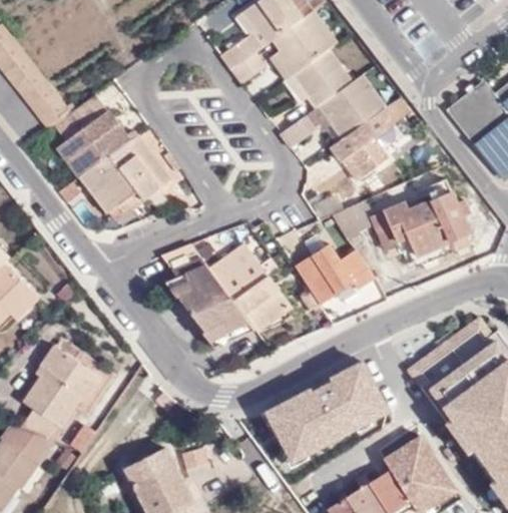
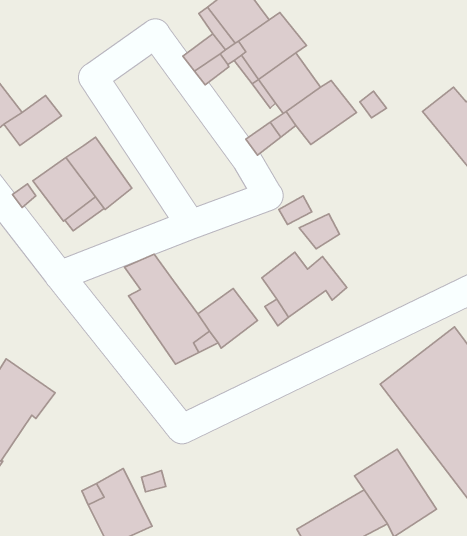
building: [336,111,400,183] -> none
building: [57,116,128,179] -> none
building: [363,178,470,266] -> none
building: [212,247,269,303] -> none
building: [265,362,388,463] -> none

